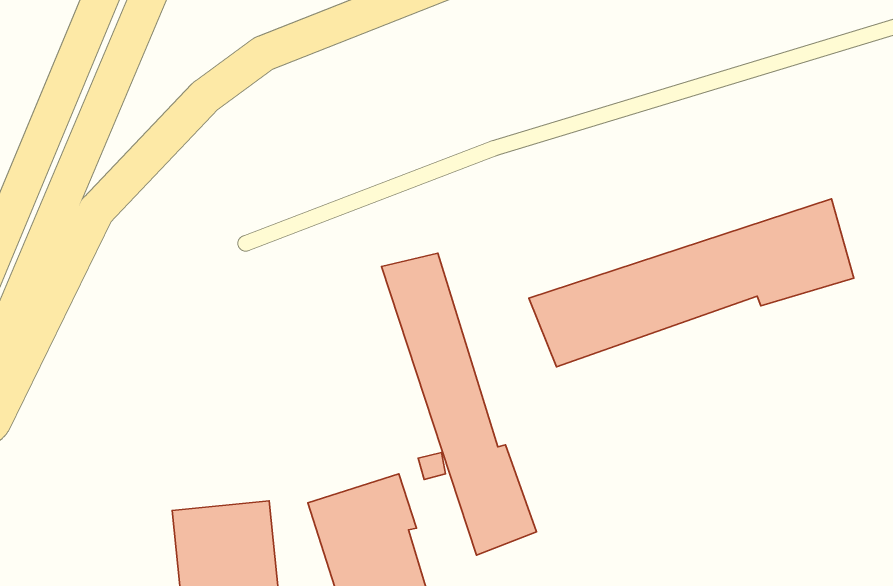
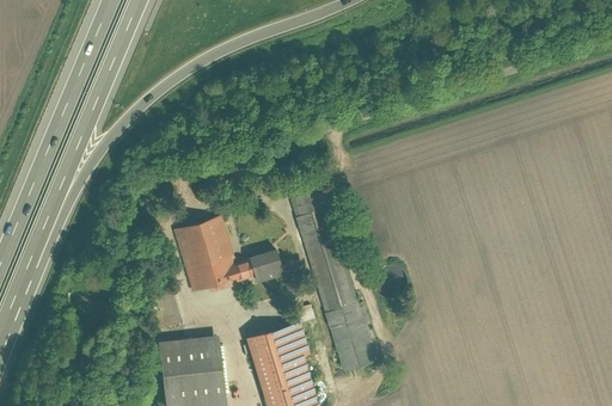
building: [529,199,854,367] -> none
building: none -> [172,213,287,293]

